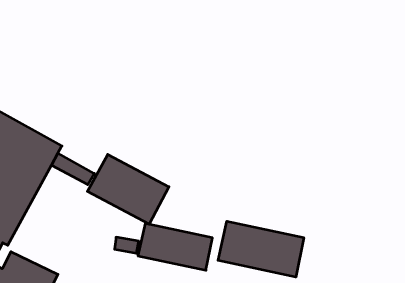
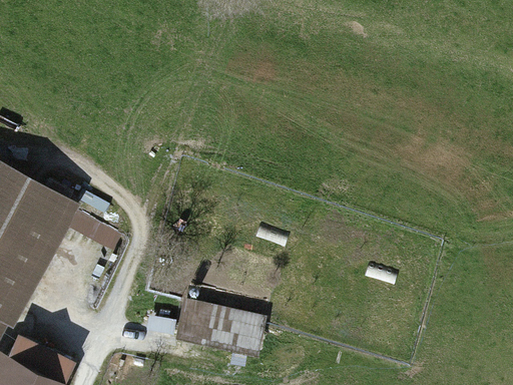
building: [87,154,169,224] -> none
building: [218,221,304,277] -> none

